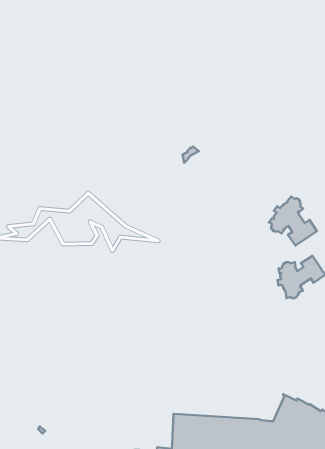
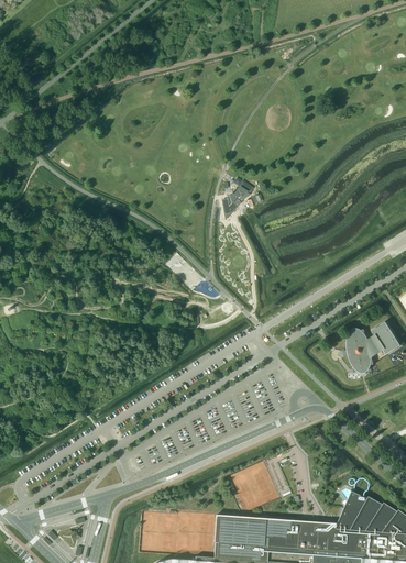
building: [269,197,317,245] -> none

